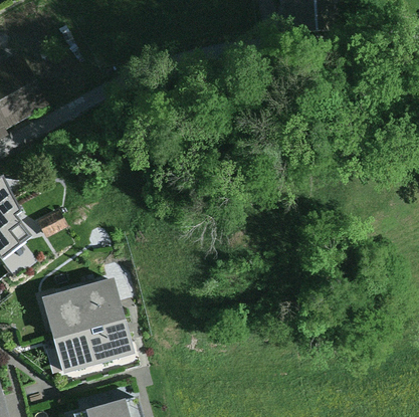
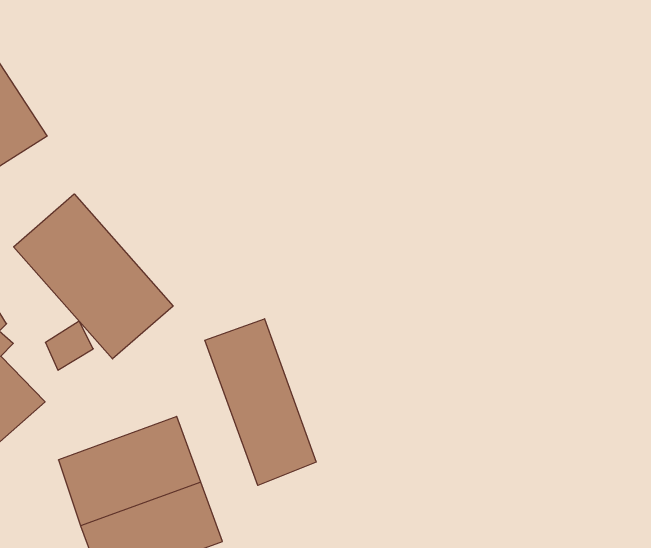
building: none -> [14,194,173,359]
building: none -> [205,319,316,485]

